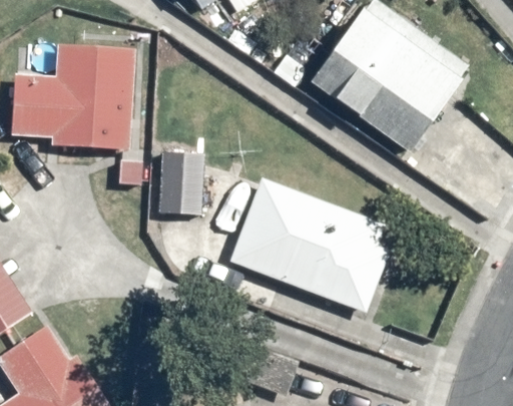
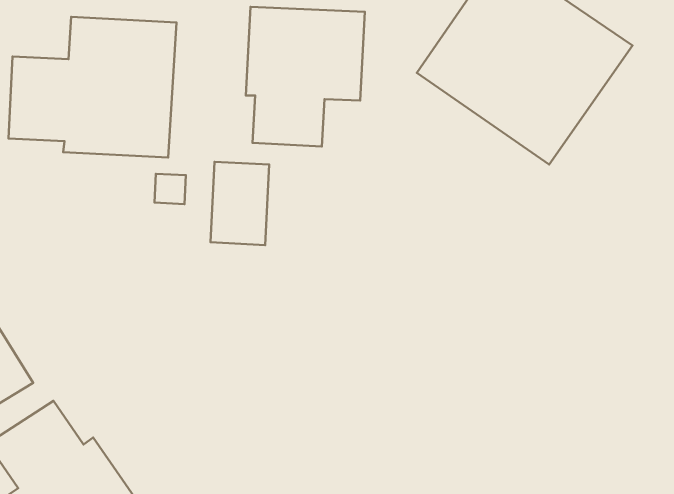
building: none -> [246,7,365,146]
building: [229,178,389,314] -> none

